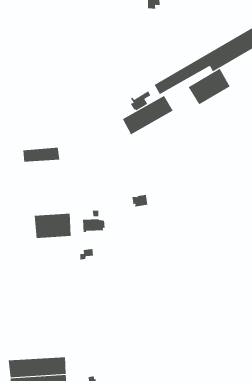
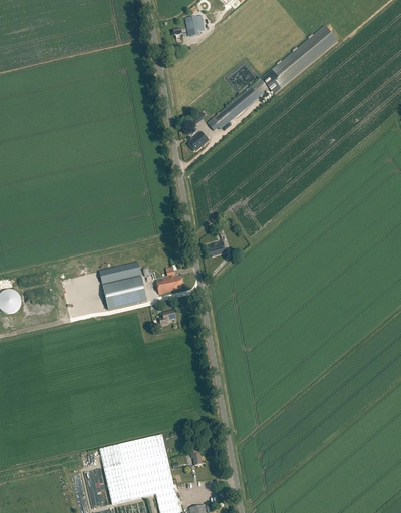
building: [188,68,231,105] -> none
building: [122,95,173,135] -> none
building: [23,147,60,162] -> [98,261,141,284]

